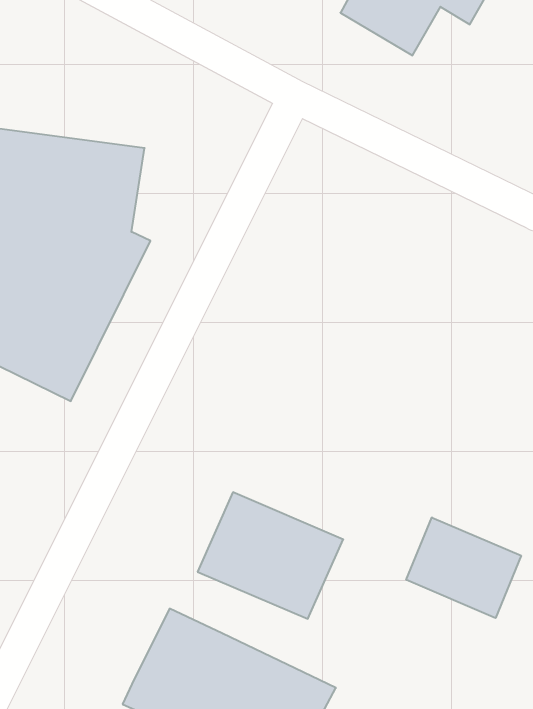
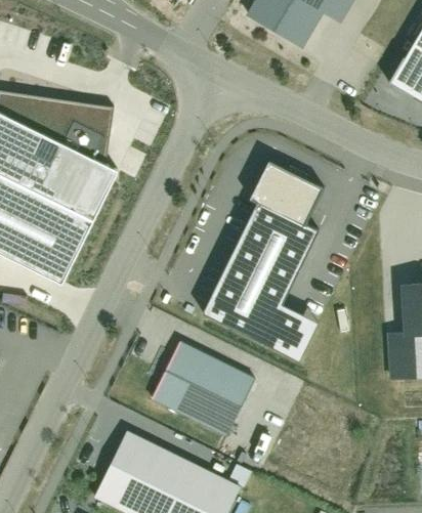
building: none -> [202,164,321,361]
building: [406,517,521,618] -> none

